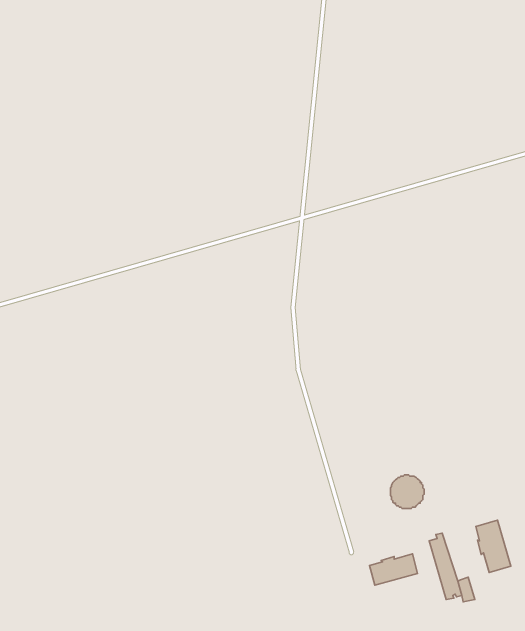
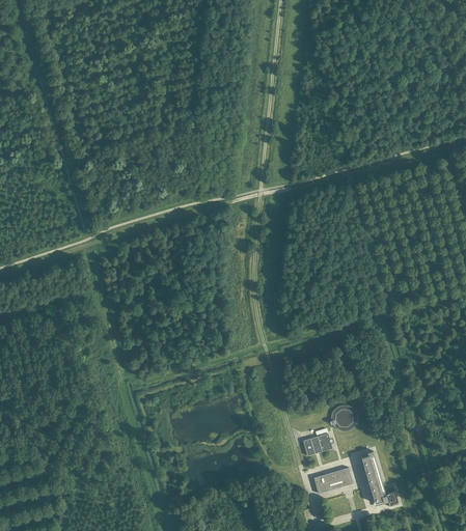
building: none -> [301,432,331,454]
building: [476,520,511,573] -> none

